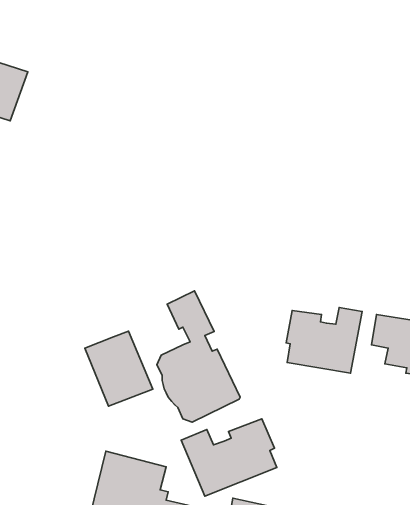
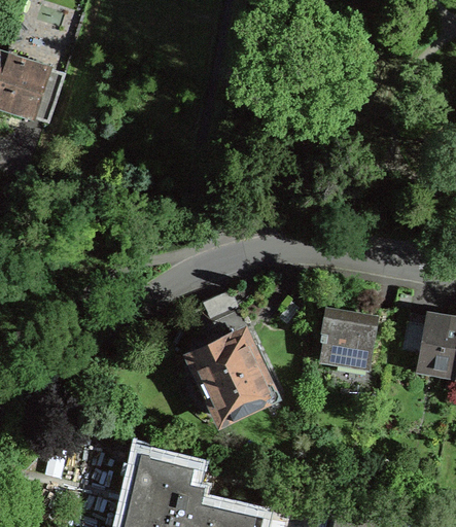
building: [85,331,153,406] -> none
building: [181,419,277,496] -> none

